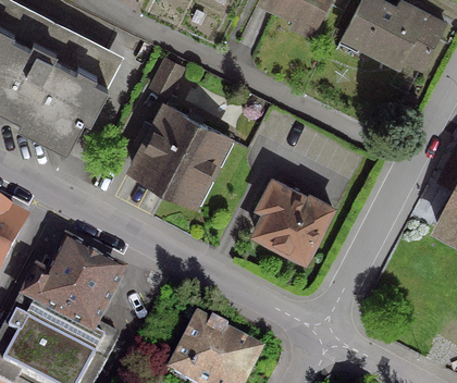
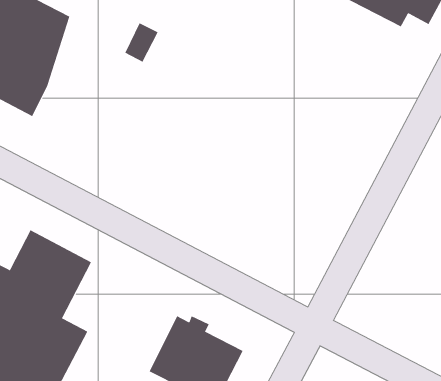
building: [132,103,224,198] -> none
building: [254,178,330,257] -> none

